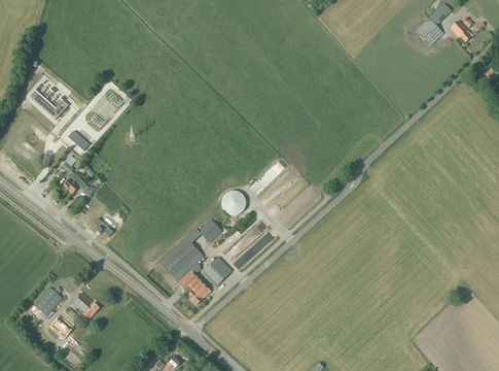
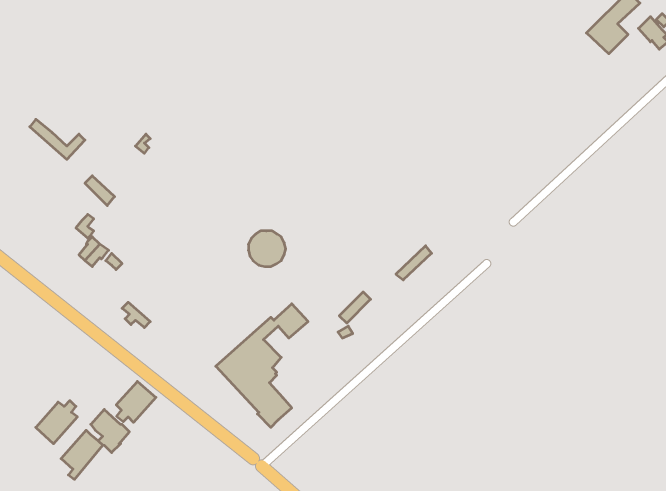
building: [222,191,248,215] -> [248,231,286,267]
building: [203,256,233,286] -> none
building: none -> [116,381,156,422]

